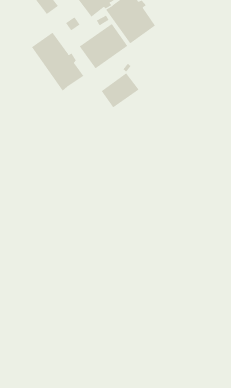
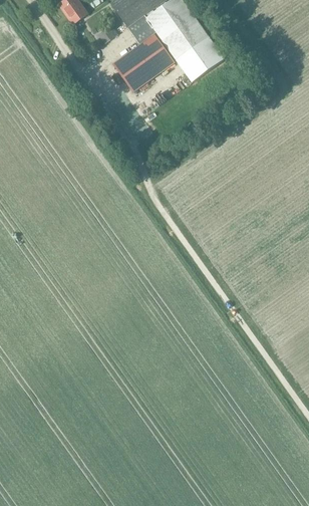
building: [31,32,84,91] -> none
building: [101,73,140,108] -> [176,36,224,80]

